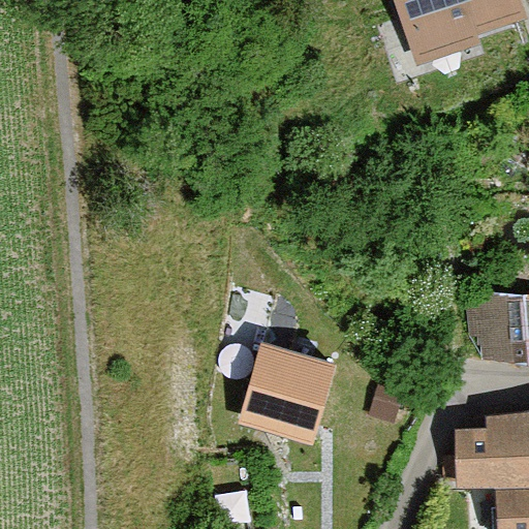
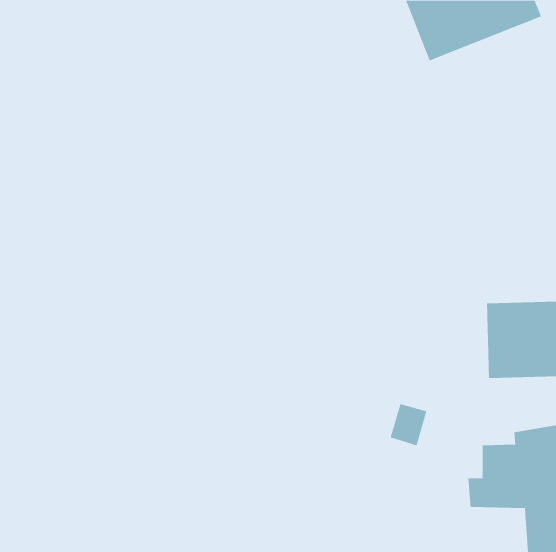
building: [241,342,337,441] -> none

